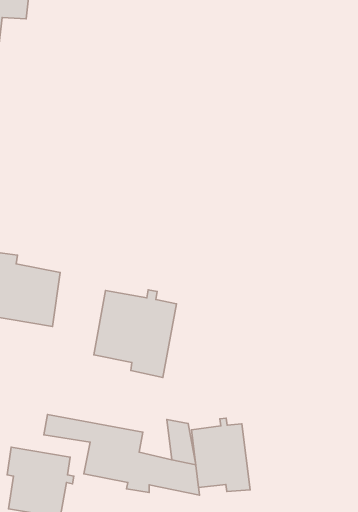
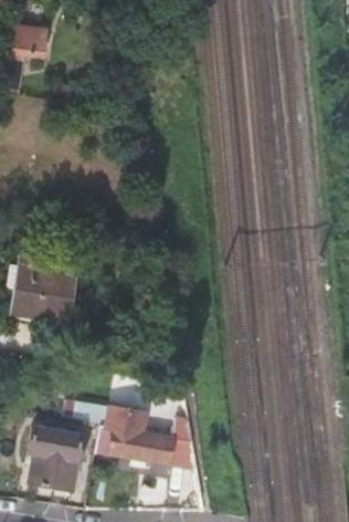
building: [94,290,176,377] -> none
building: [191,418,250,492] -> none

